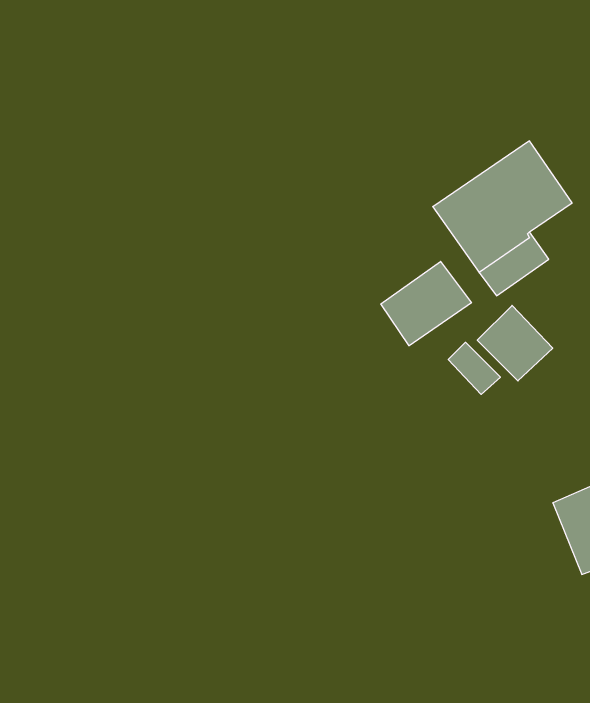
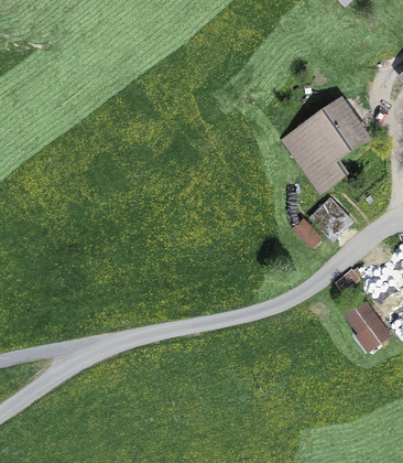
building: [381,261,471,346] -> none

